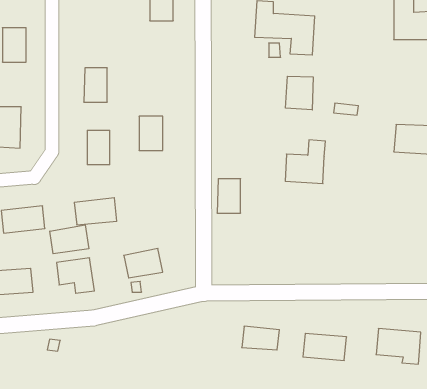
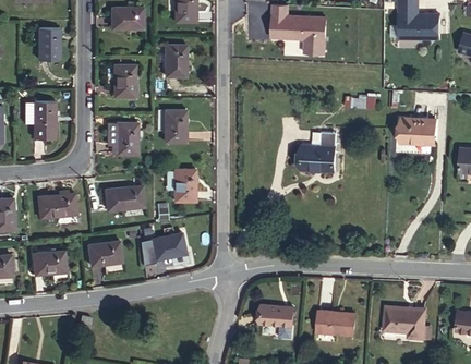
building: none -> [111,8,143,28]
building: none -> [165,45,186,76]
building: [286,76,313,110] -> none
building: [217,179,241,213] -> [173,169,195,201]
building: [50,225,89,254] -> none

